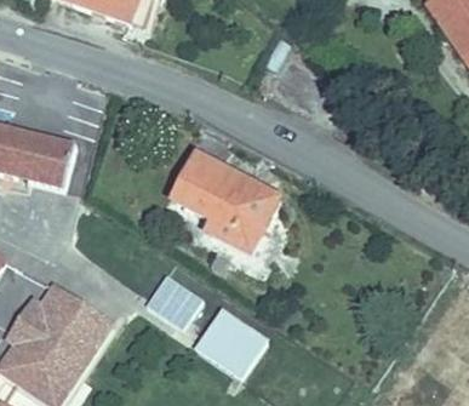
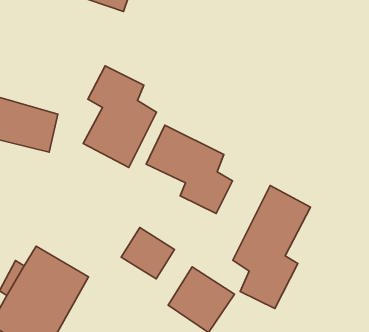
building: none -> [83,66,156,167]
building: none -> [233,186,311,309]

